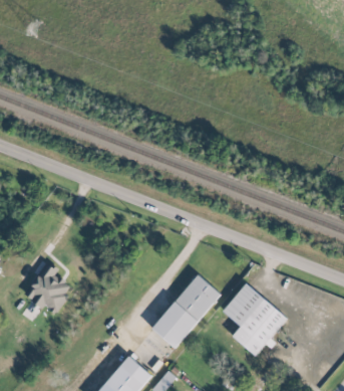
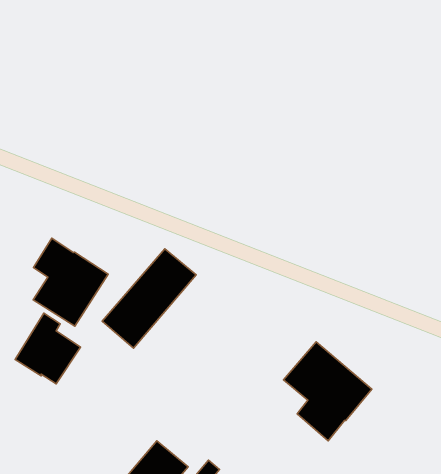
building: none -> [33,238,108,326]
building: [151,275,221,349] -> [102,249,196,348]

